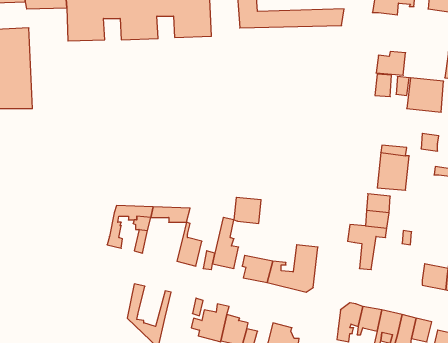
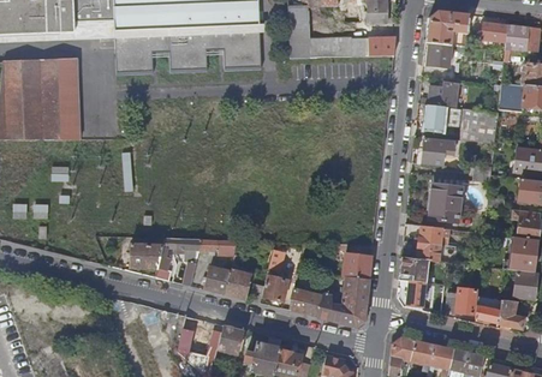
building: none -> [429,41,453,67]
building: none -> [422,137,455,163]
building: [234,197,261,223] -> [345,252,373,279]
building: none -> [131,239,163,268]
building: none -> [206,264,233,293]
building: none -> [447,287,480,312]
building: none -> [215,324,242,354]

